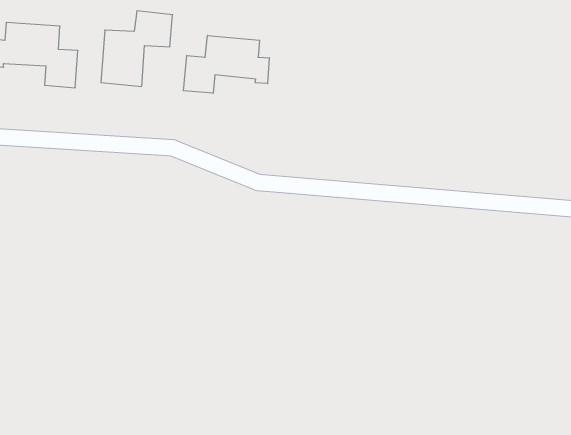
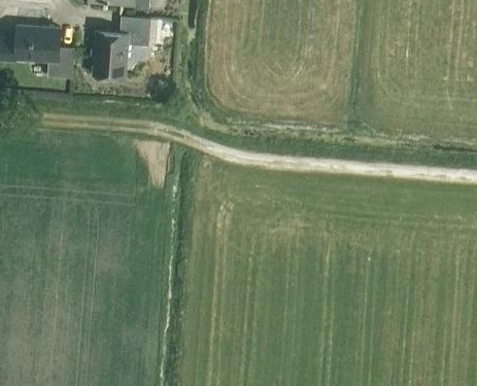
building: [183,35,269,93] -> none

